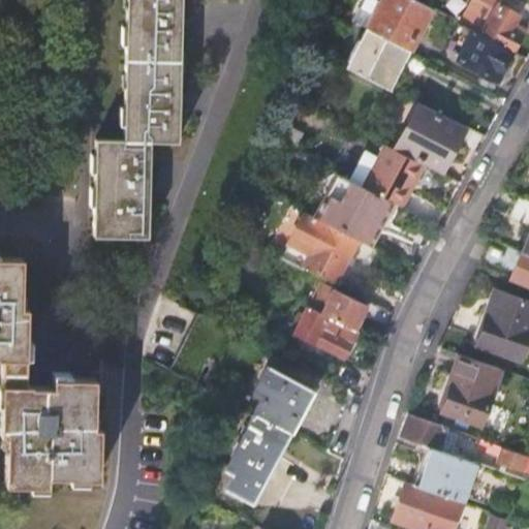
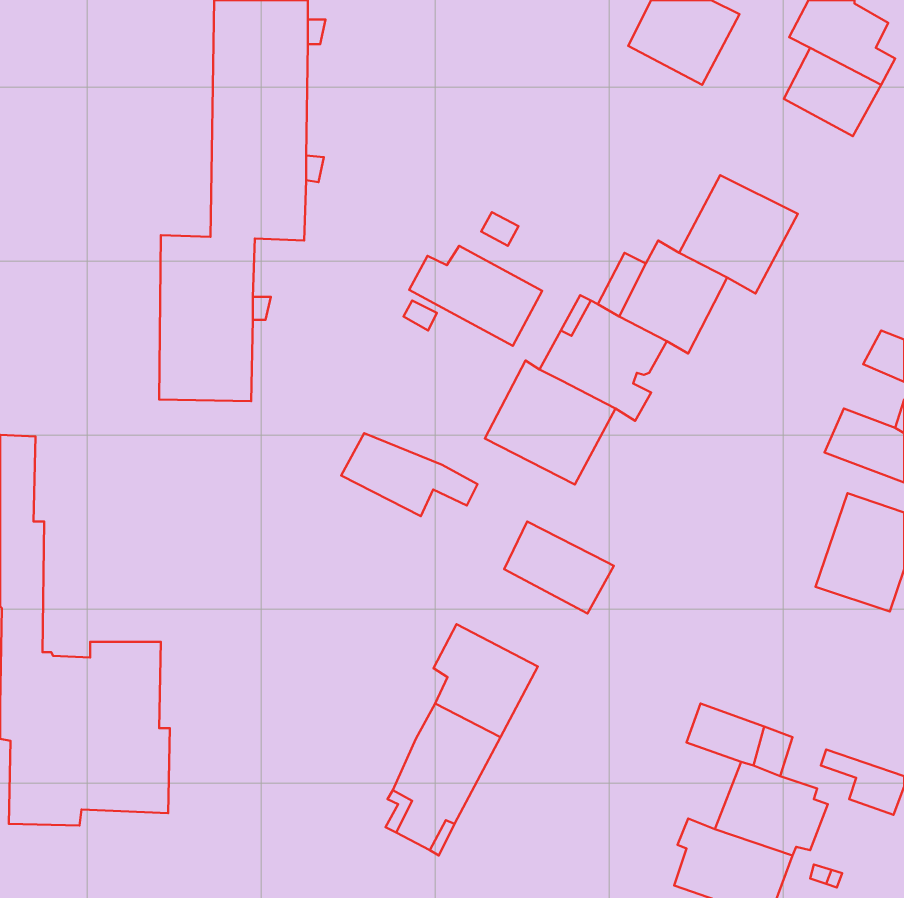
building: [346,30,410,91] -> none
building: none -> [409,246,542,346]
building: [308,283,387,332] -> [341,433,478,516]
building: [444,356,502,428] -> none

